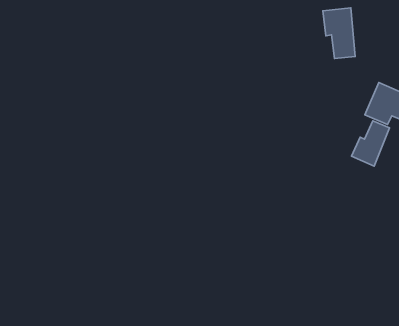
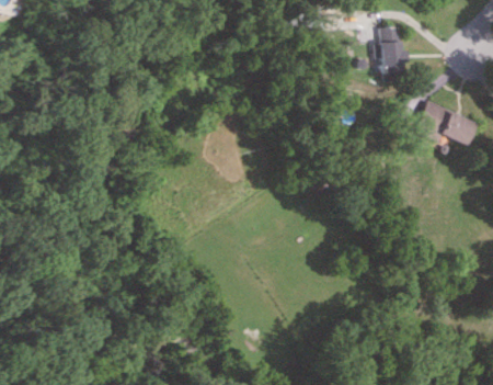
building: [351,121,389,166] -> none

